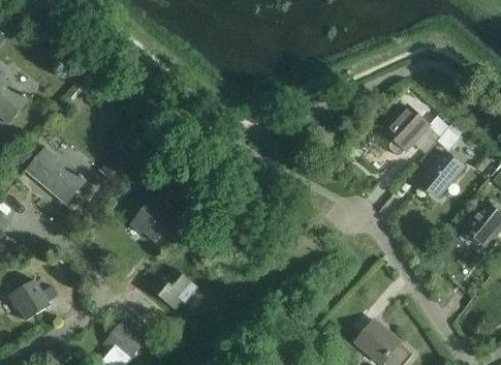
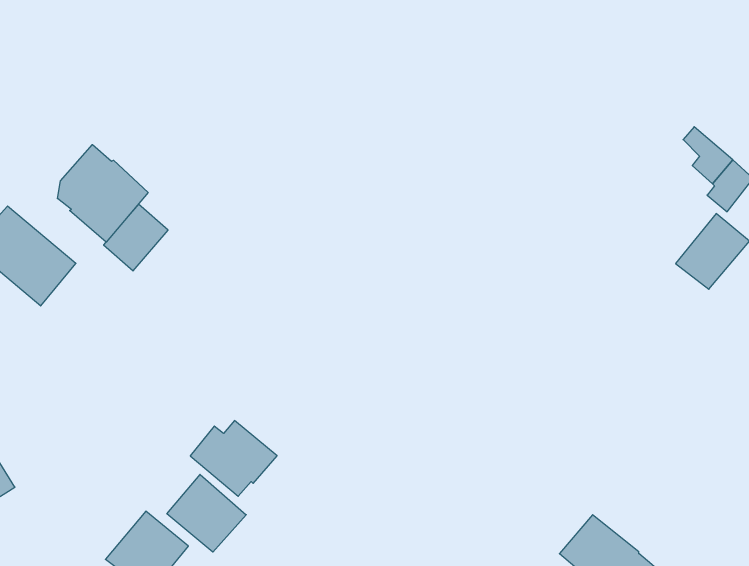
building: [384,105,428,155] -> none
building: none -> [57,145,148,242]
building: [130,200,174,241] -> none
building: none -> [167,474,246,552]

